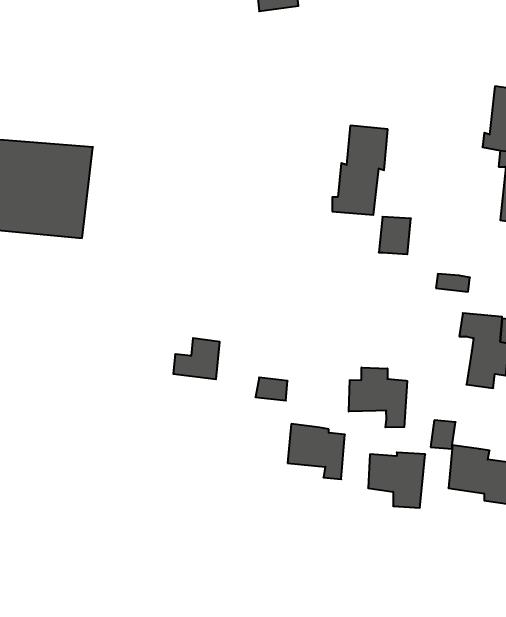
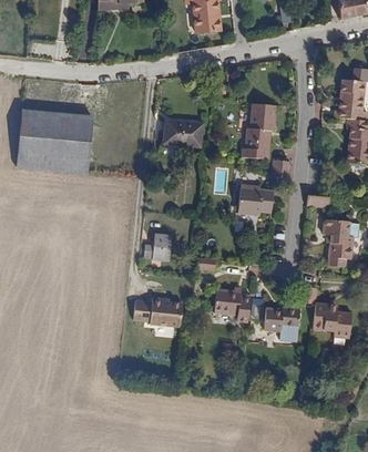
building: none -> [163,121,203,147]
building: none -> [238,179,273,216]
building: [349,367,407,427] -> none
building: none -> [134,296,183,320]

